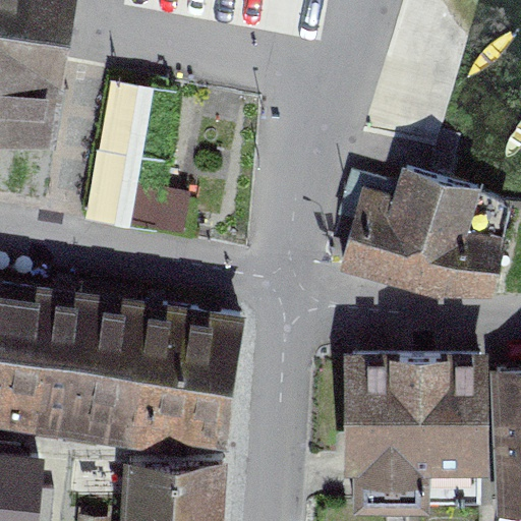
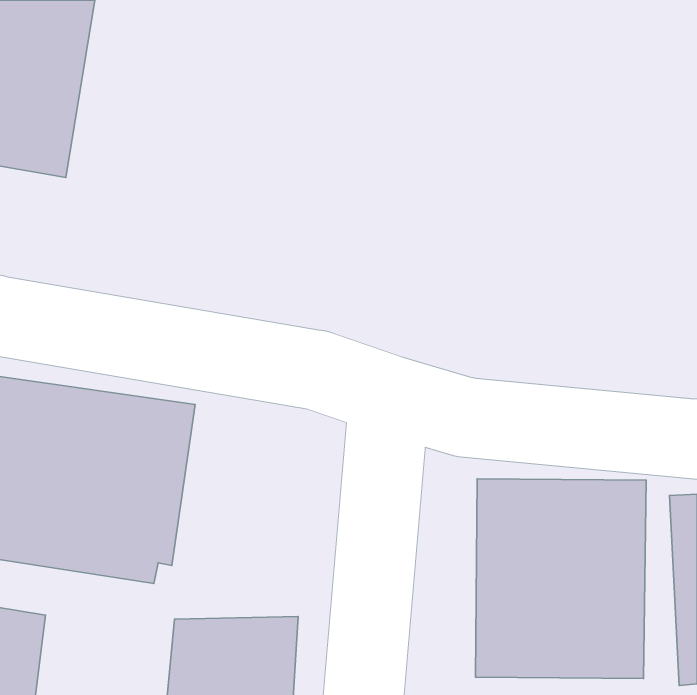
building: [101,85,171,236] -> none
building: [338,173,506,288] -> none
building: [114,305,240,445] -> none

